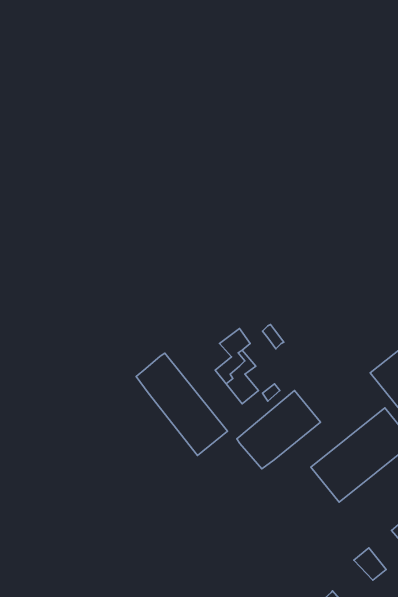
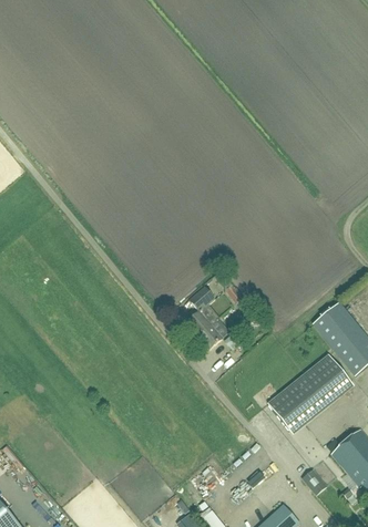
building: [136,353,228,455] -> none
building: [237,391,321,469] -> none

